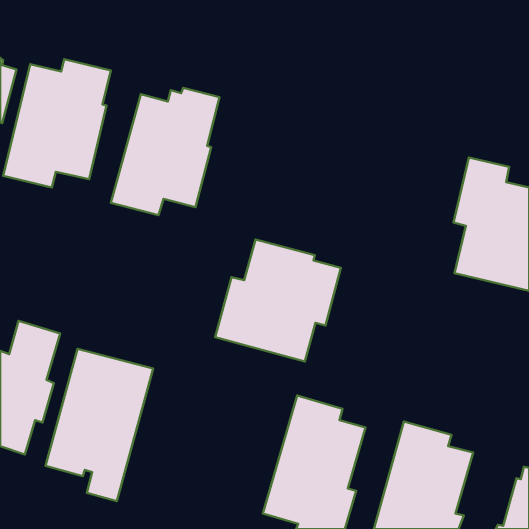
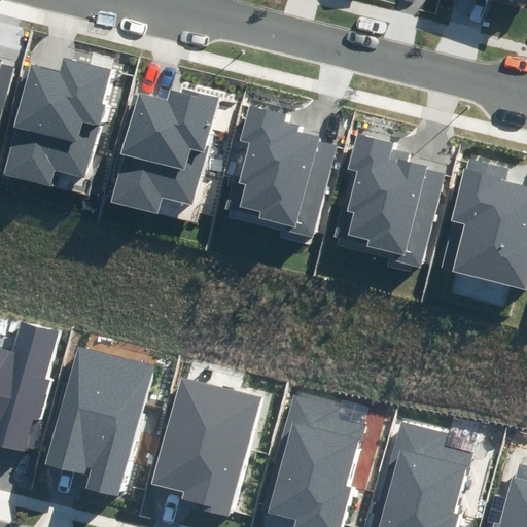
building: none -> [229,106,337,238]
building: none -> [335,133,447,268]
building: [215,239,341,361] -> none
building: none -> [152,376,261,517]

